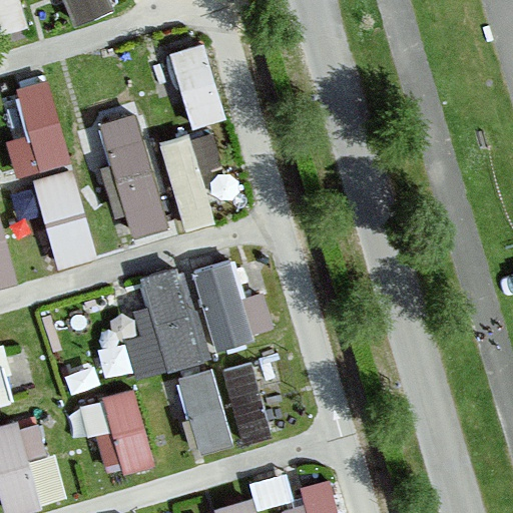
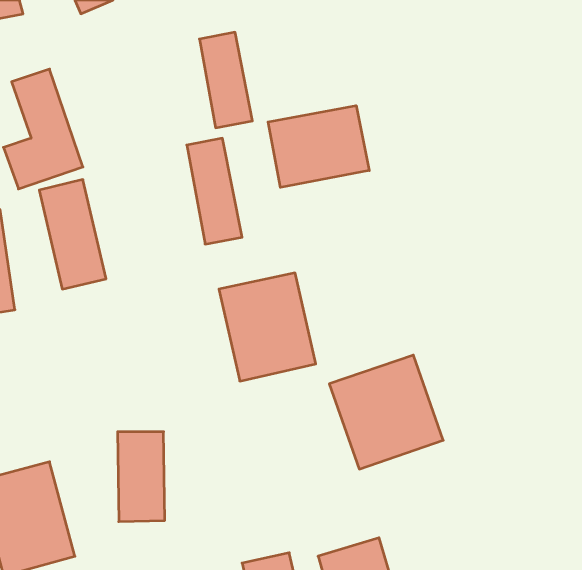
building: none -> [268,106,369,187]
building: [95,110,168,241] -> none
building: [123,266,208,380] -> none
building: [171,356,271,455] -> [329,355,443,469]

